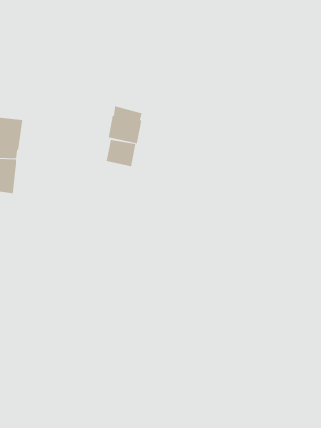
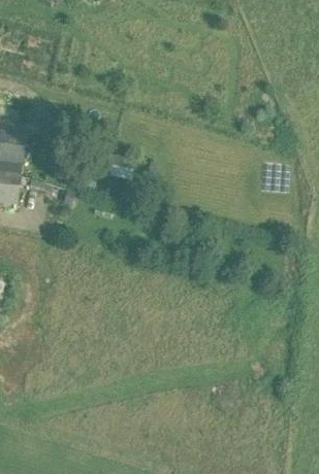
building: [108,106,142,144] -> none

